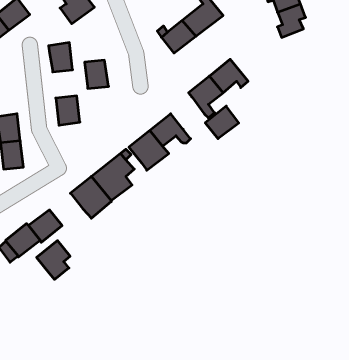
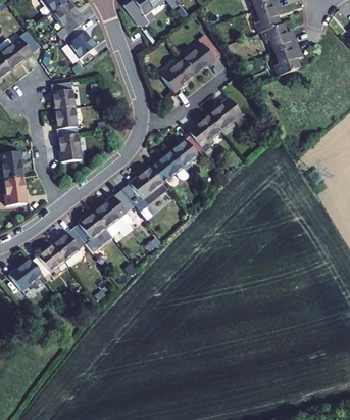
building: [85,60,109,88] -> [55,107,79,135]
building: [205,106,239,139] -> [170,134,203,166]
building: [37,241,70,279] -> [52,228,85,266]

